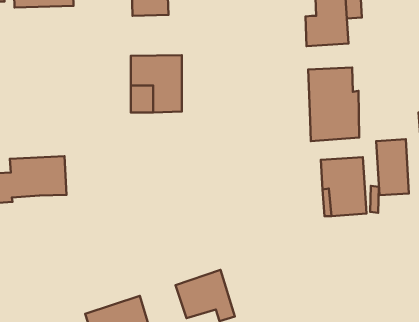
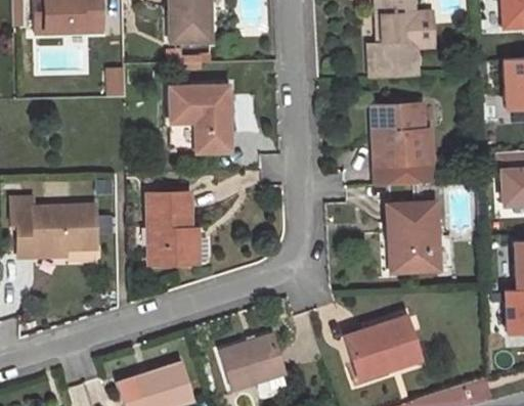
building: [376,139,409,195] -> none
building: none -> [148,194,191,264]
building: none -> [346,317,420,377]

